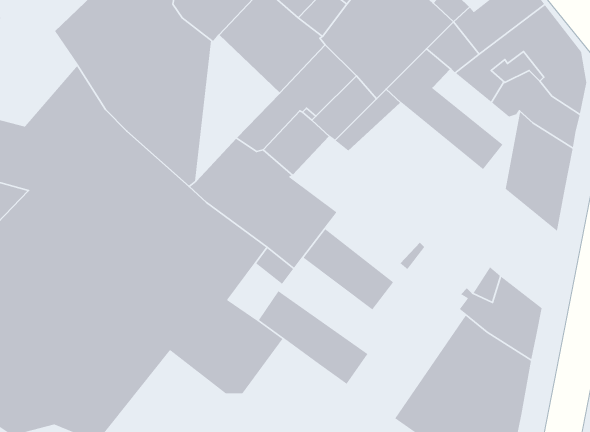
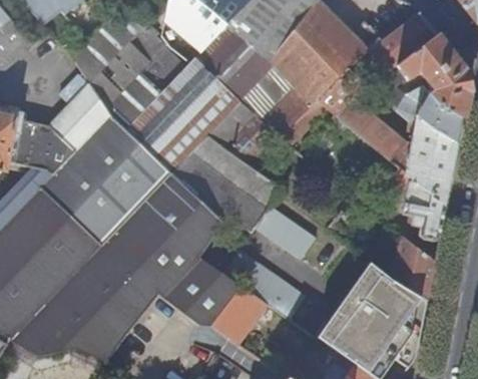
building: none -> [176,58,238,166]
building: none -> [390,166,445,244]
building: none -> [211,284,268,343]

